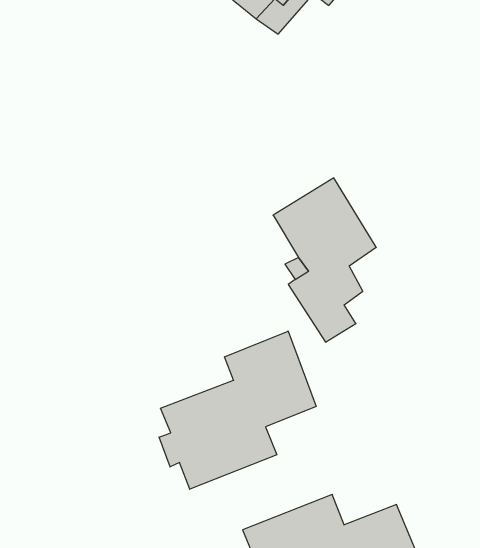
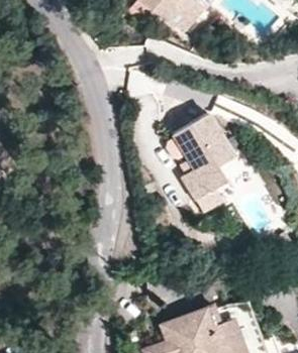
building: [159,331,316,489] -> none

